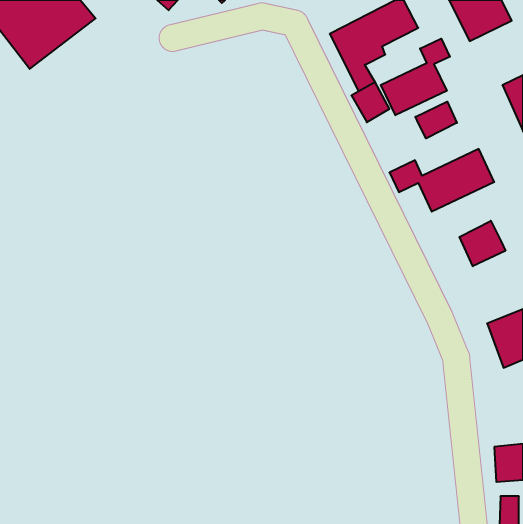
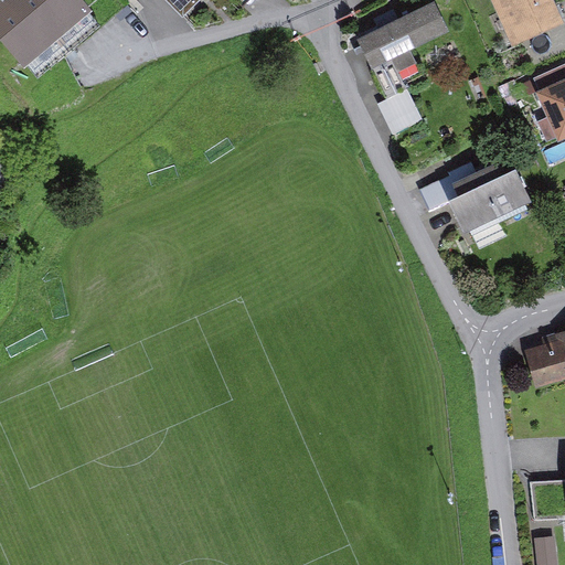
building: [381,39,450,115] -> none
building: [415,102,457,138] -> none
building: [459,221,505,266] -> none

